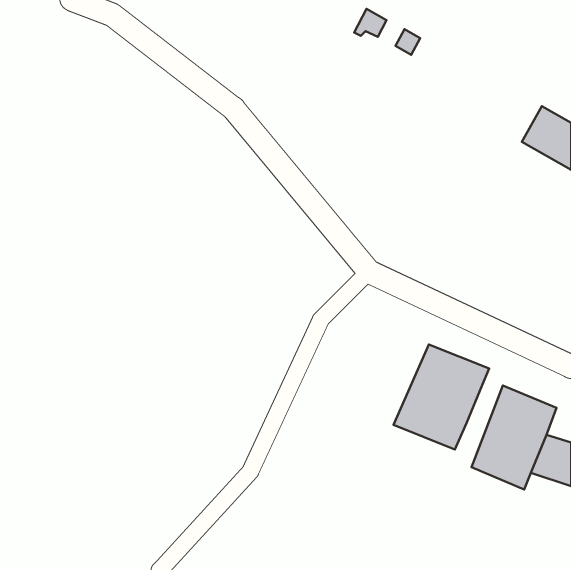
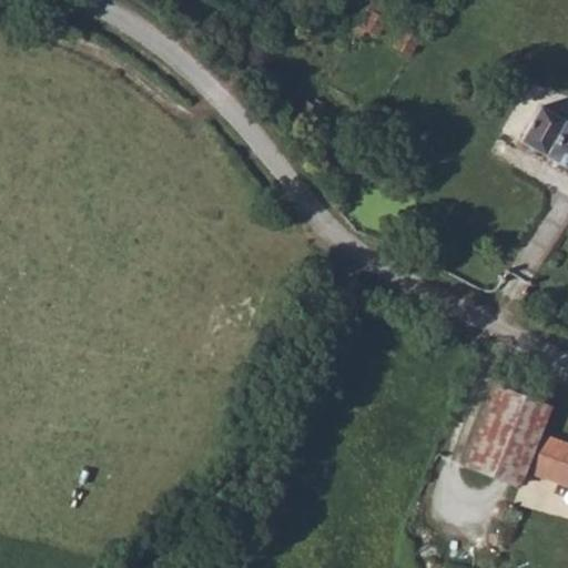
building: [394,345,489,449] -> none

